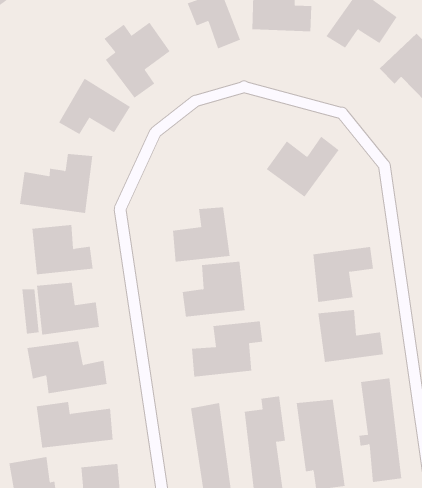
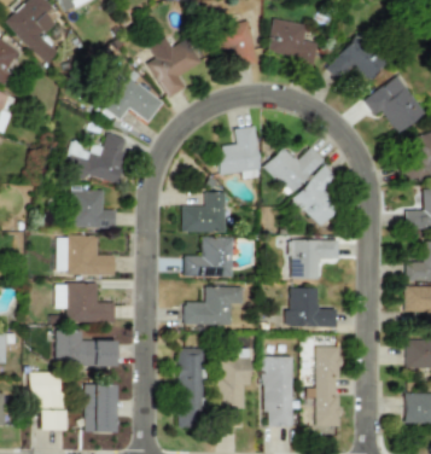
building: none -> [216,126,260,179]
building: none -> [291,165,340,226]

